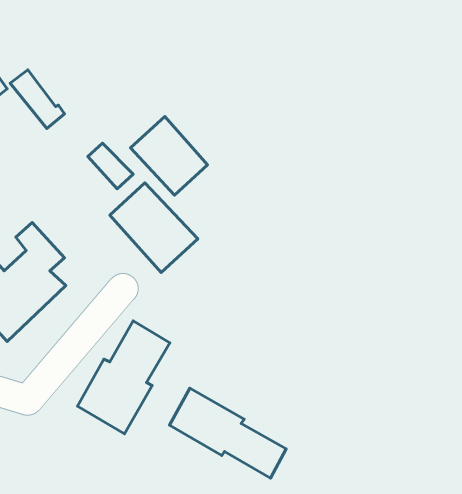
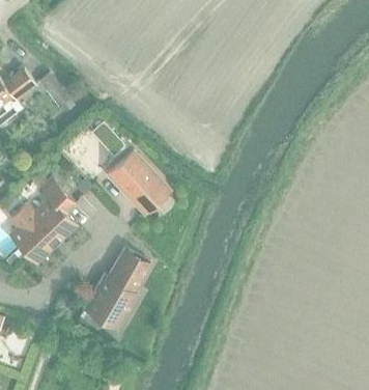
building: [130,116,208,195] -> none
building: [170,388,286,478] -> none

